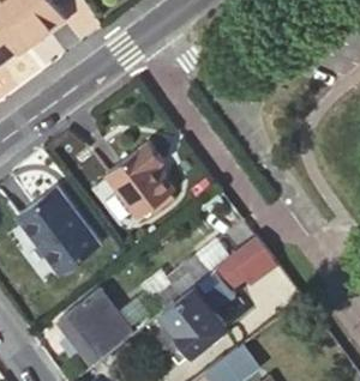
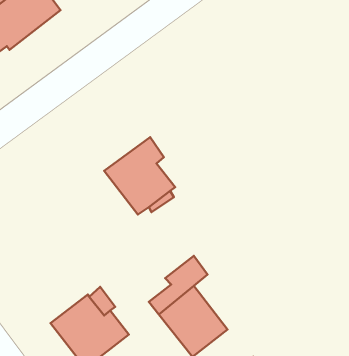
building: [17,189,98,274] -> none
building: [214,237,271,288] -> none

